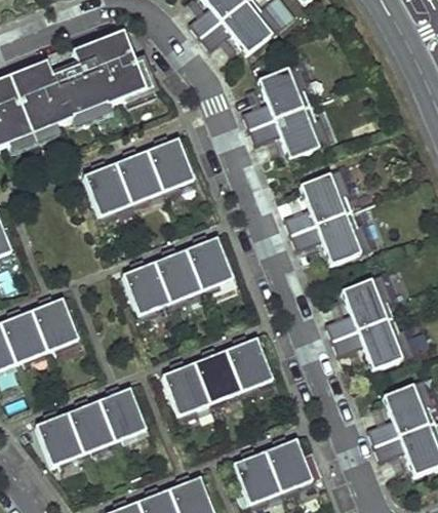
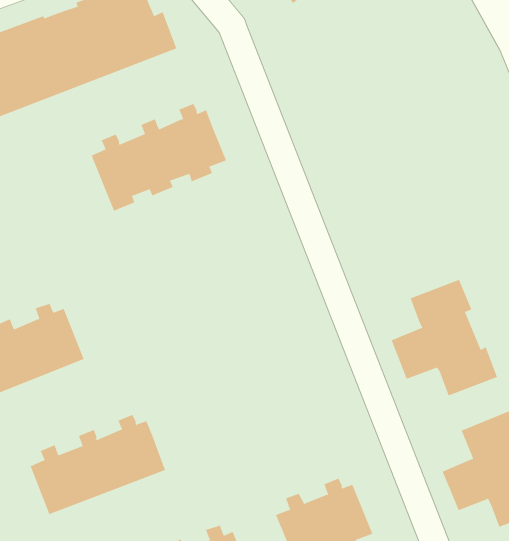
building: [243,63,330,158] -> none
building: [284,169,371,265] -> none
building: [122,233,233,320] -> none
building: [162,333,272,421] -> none

